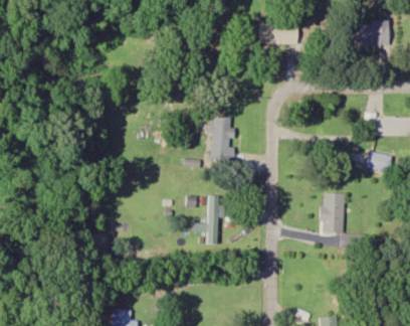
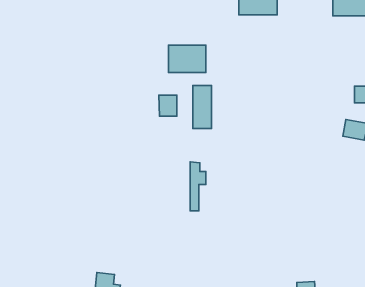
building: none -> [168,45,206,73]
building: none -> [159,95,177,116]
building: [320,192,361,249] -> none

